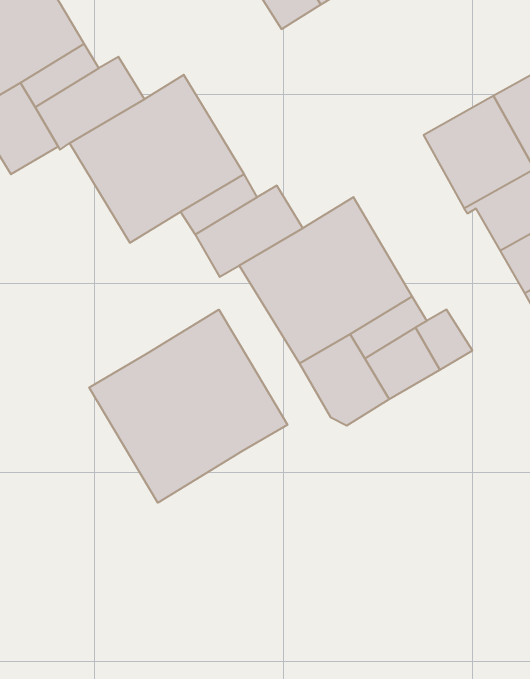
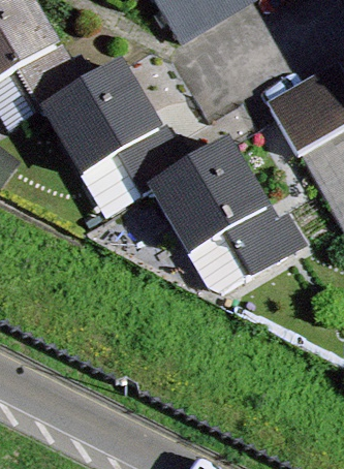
building: [89,310,287,503] -> none

